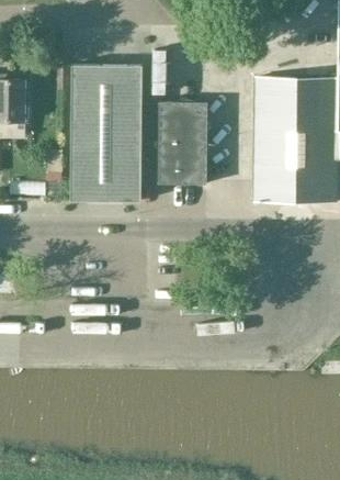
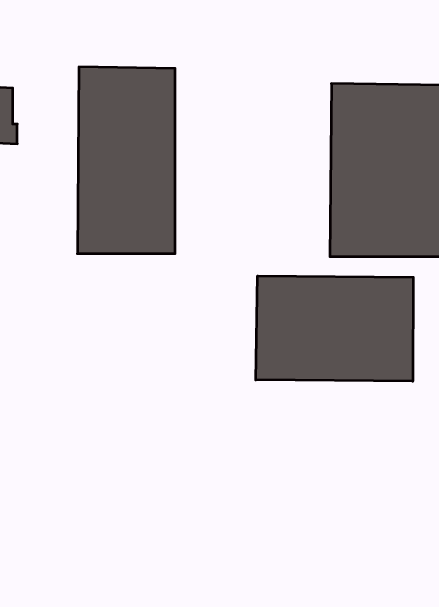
building: [158,102,207,185] -> none
building: none -> [256,276,413,381]

